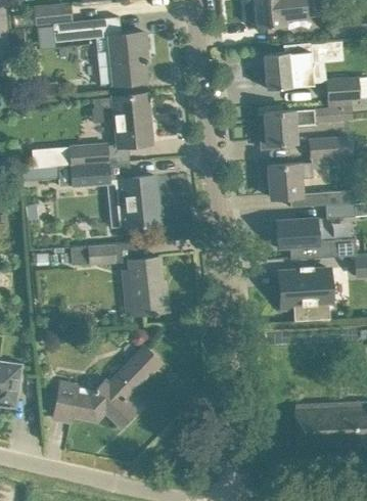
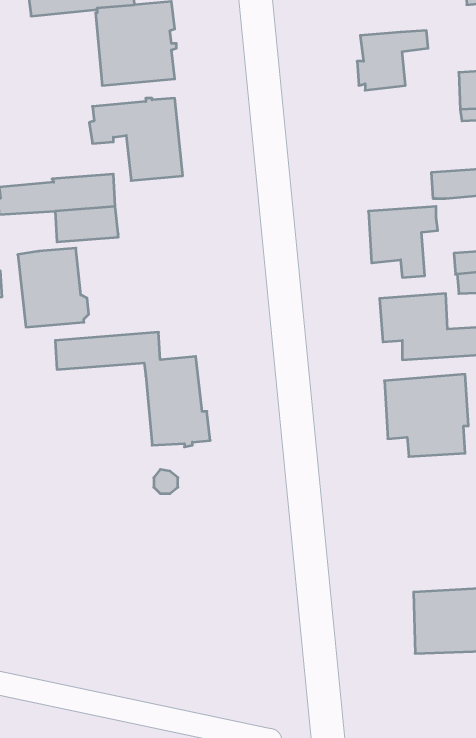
building: [260,108,326,149] -> none
building: [118,176,163,226] -> [18,248,89,327]
building: [53,347,162,426] -> none

